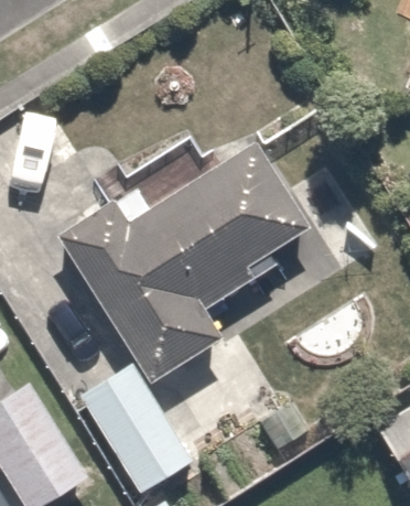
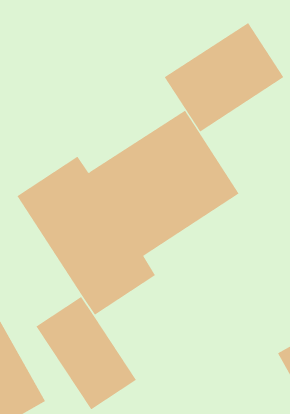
building: none -> [164,22,284,132]

